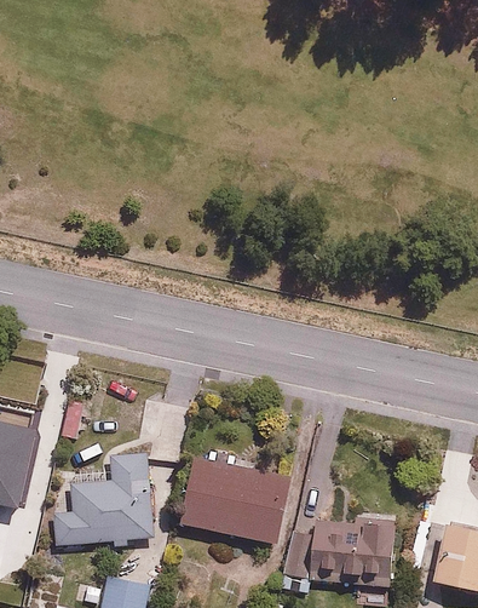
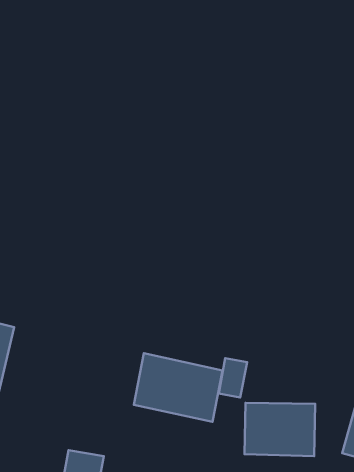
building: [54,454,148,540] -> none
building: [278,533,312,580] -> [219,358,247,398]

